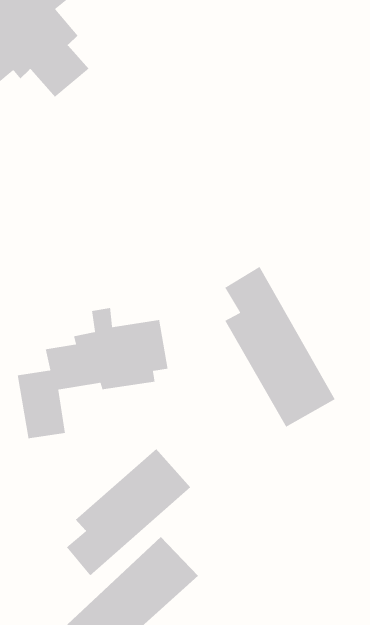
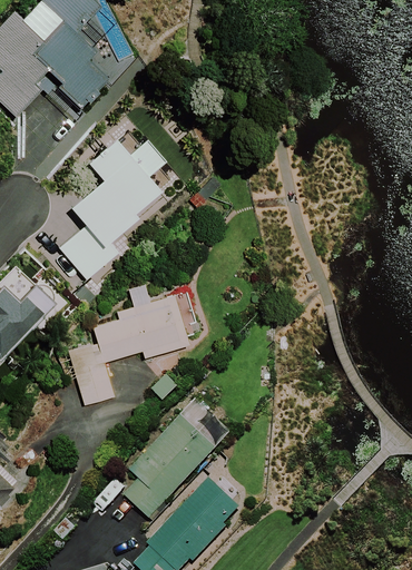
building: none -> [58,118,165,281]
building: [224,266,336,428] -> none

